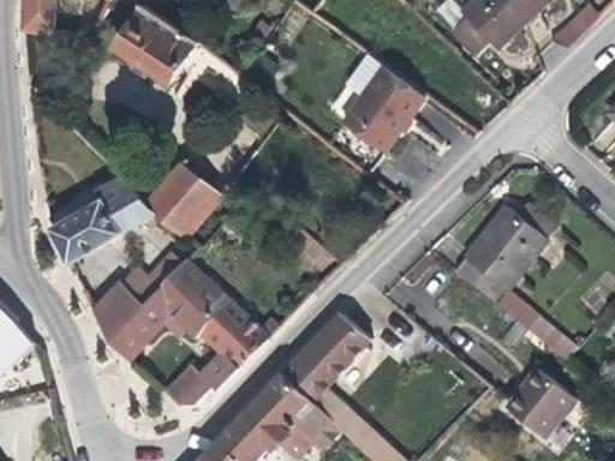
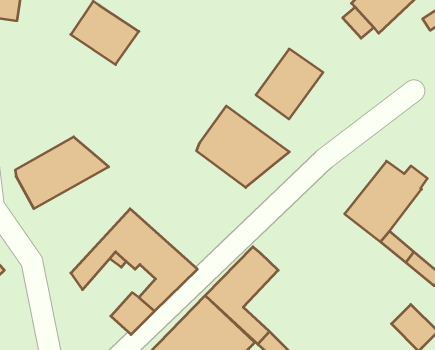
building: none -> [197,106,289,188]
building: [145,166,216,235] -> none
building: [92,256,189,345] -> none

